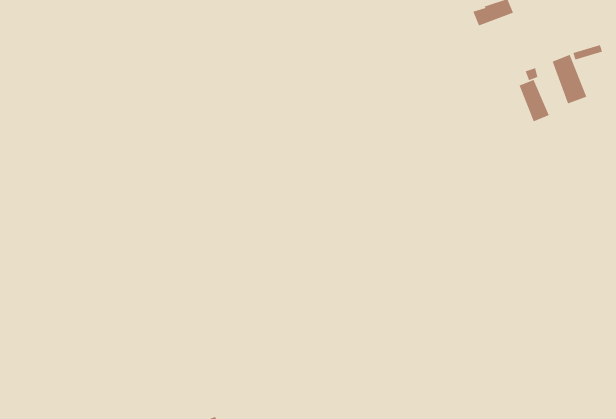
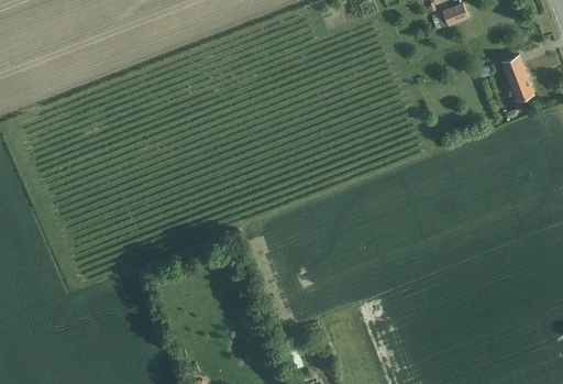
building: [519,79,549,122] -> none

